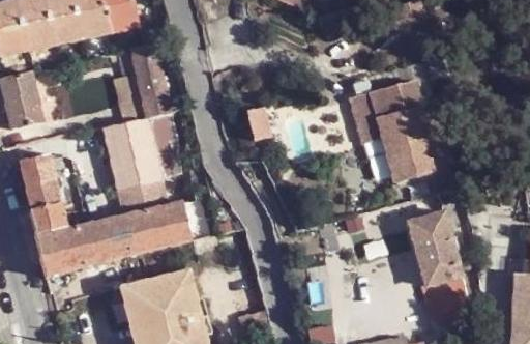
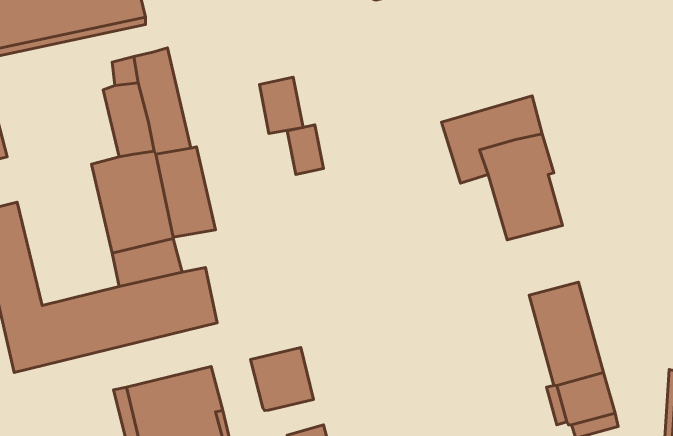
building: none -> [259,77,303,133]
building: none -> [250,348,313,411]

